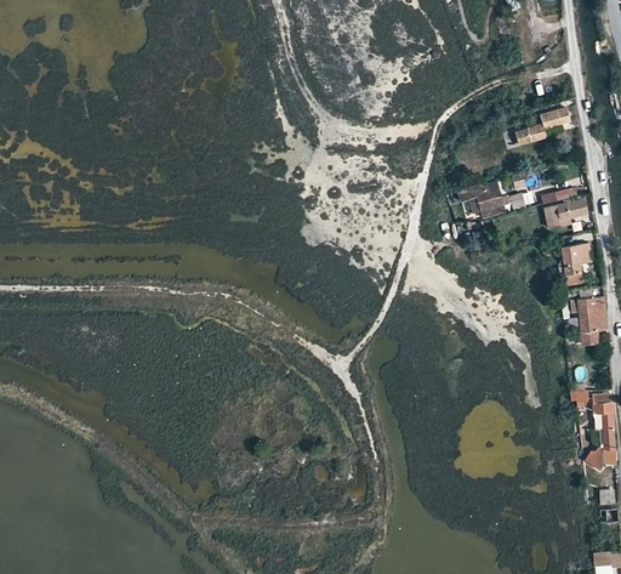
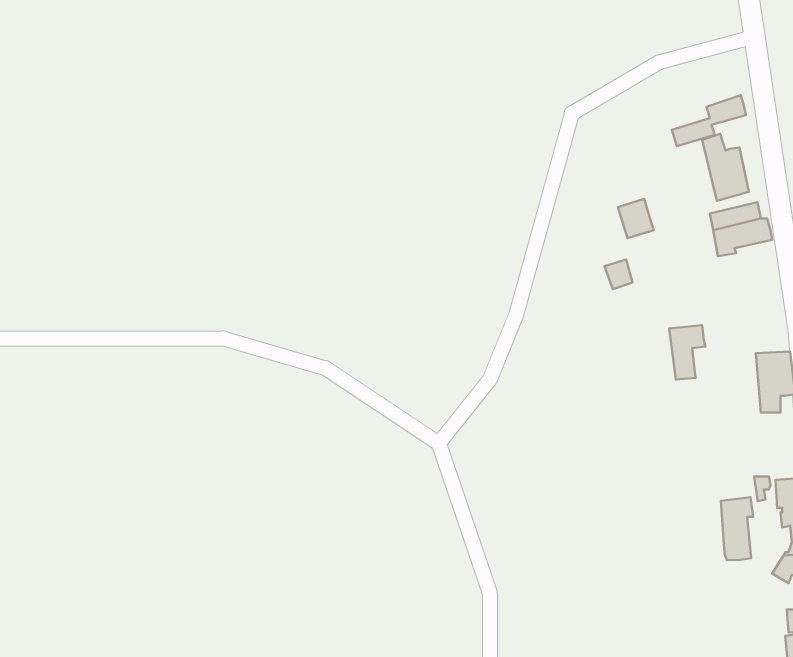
building: none -> [702,134,749,201]
building: [562,244,588,284] -> [669,325,705,379]
building: none -> [721,497,753,560]

